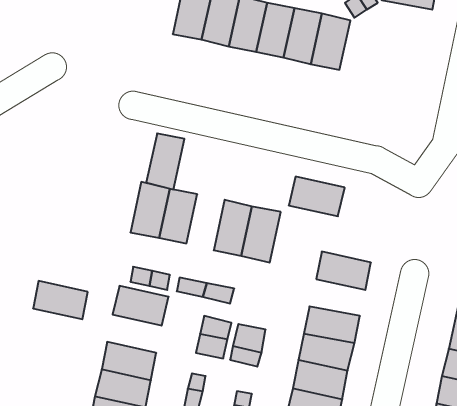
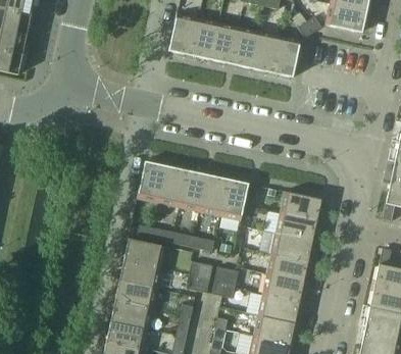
building: [146,133,184,189] -> [179,170,207,212]
building: [289,177,345,216] -> [280,192,321,221]
building: none -> [270,234,312,261]
building: [33,281,88,319] -> [119,260,160,289]

